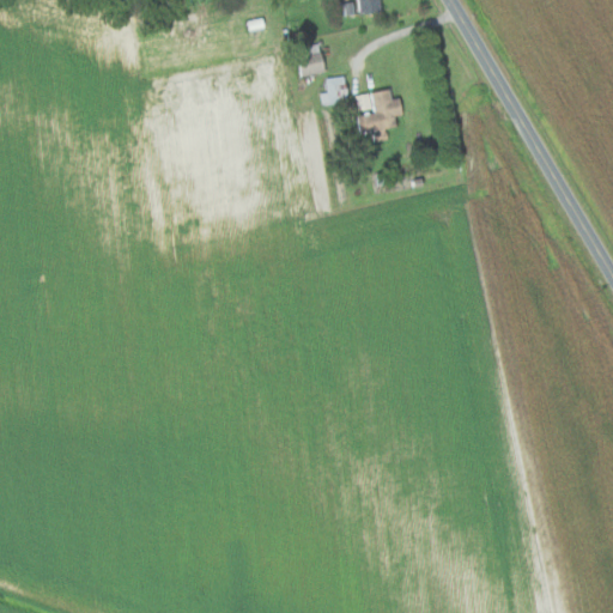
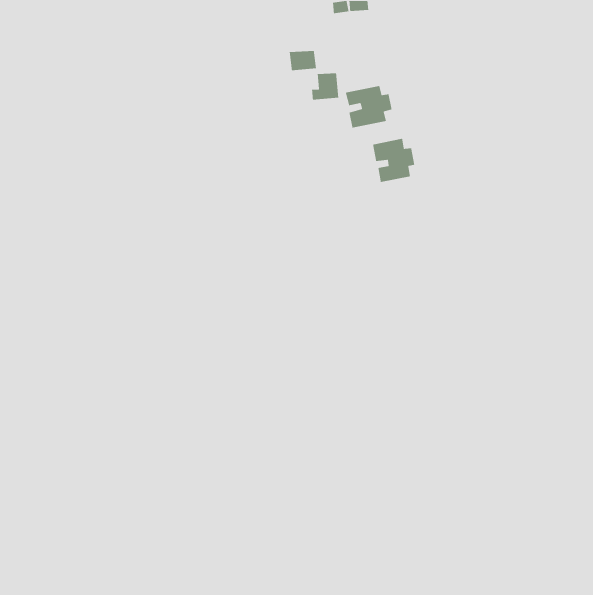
building: none -> [372,138,415,183]

